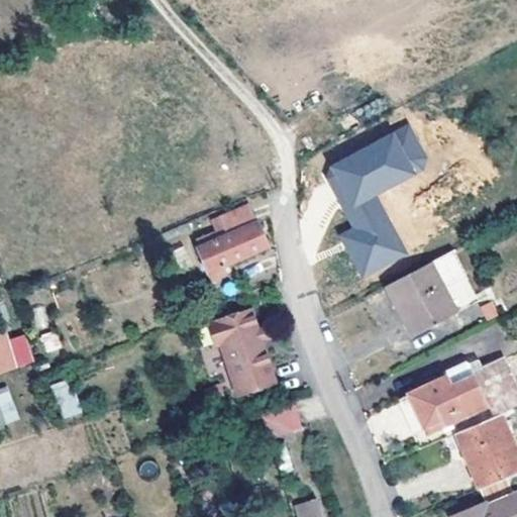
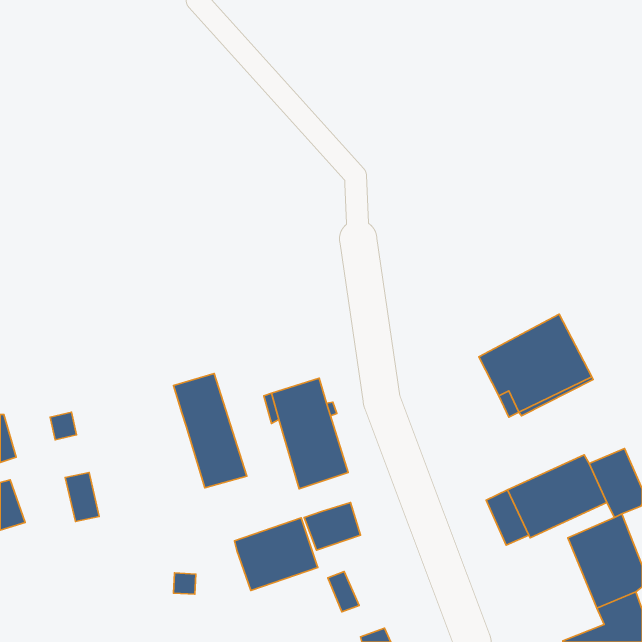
building: [328,122,425,283] -> none
building: [195,205,265,279] -> none
building: none -> [174,374,247,488]
building: none -> [234,518,318,590]

